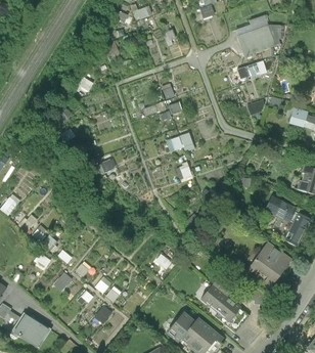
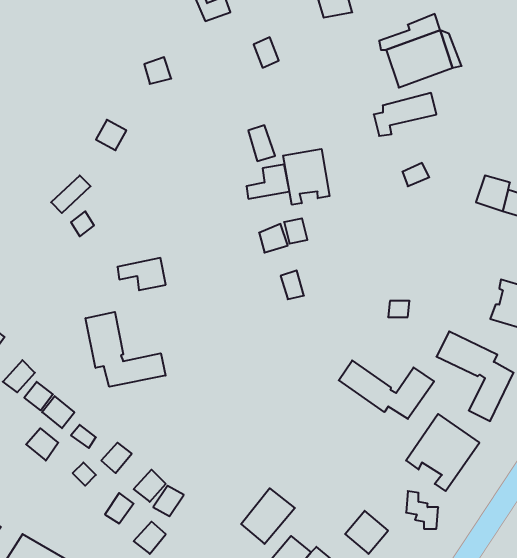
building: none -> [283,149,330,205]
building: none -> [86,312,166,387]
building: none -> [339,360,434,419]
building: [200,279,231,311] -> [241,488,295,544]

